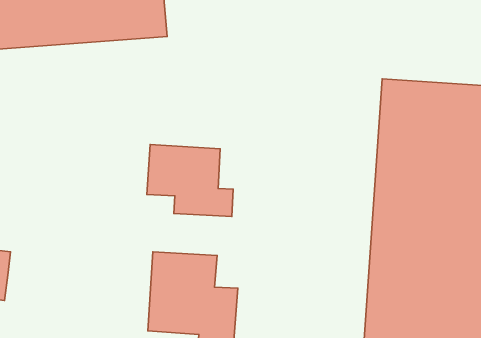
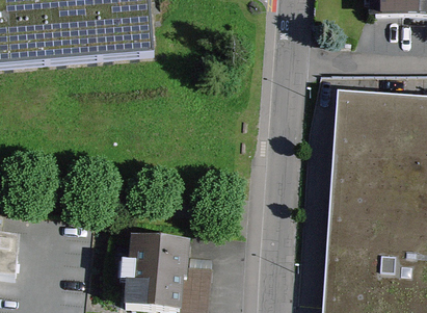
building: [147,145,233,216] -> none

